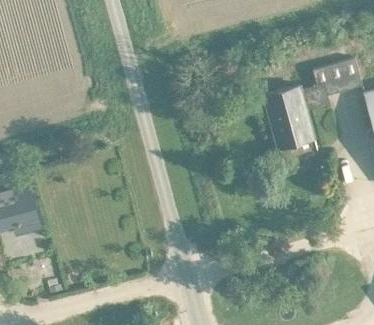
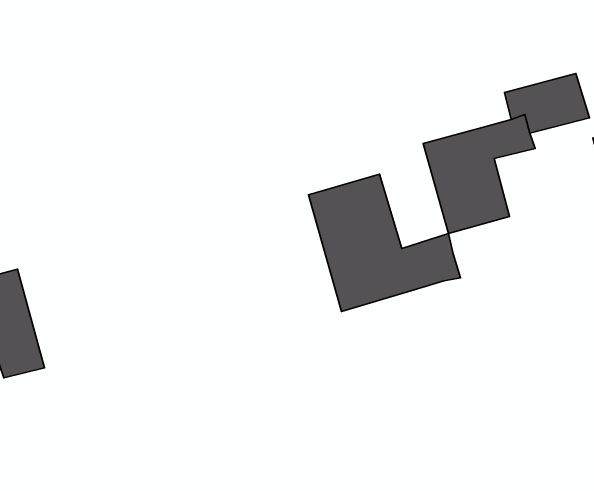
building: none -> [309,174,460,311]

